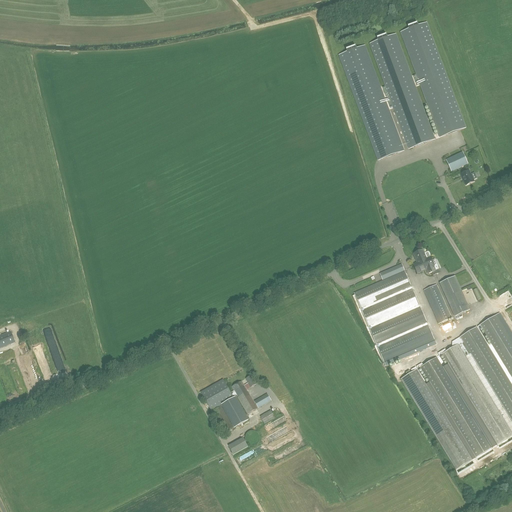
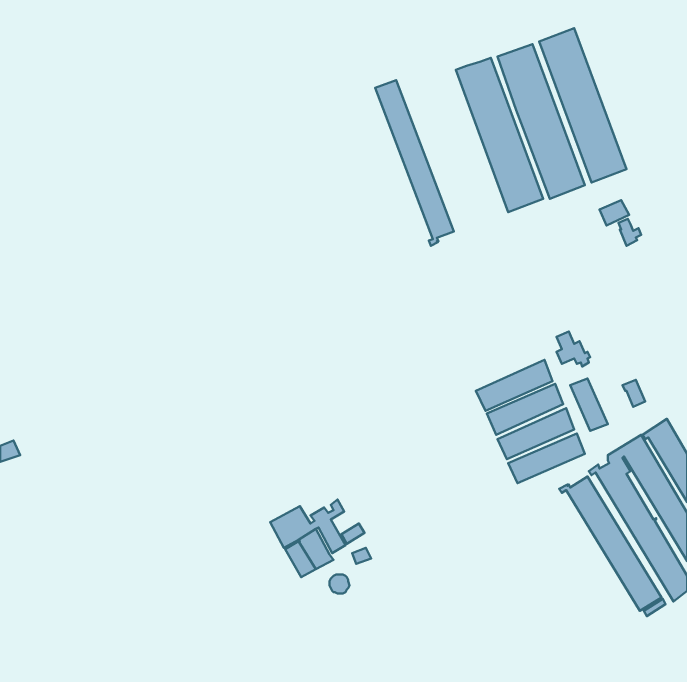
building: none -> [375,80,454,246]
building: [441,274,470,314] -> none
building: [401,364,476,473] -> none

